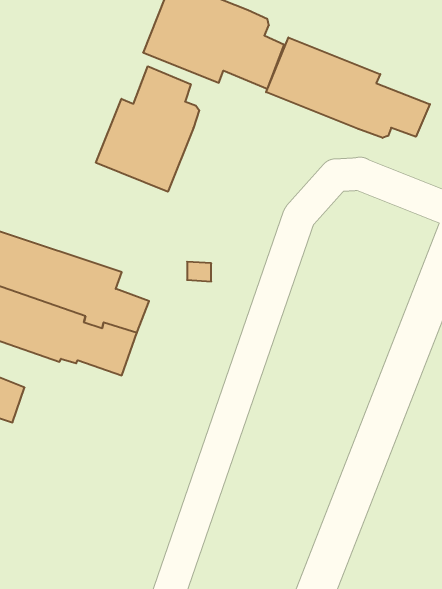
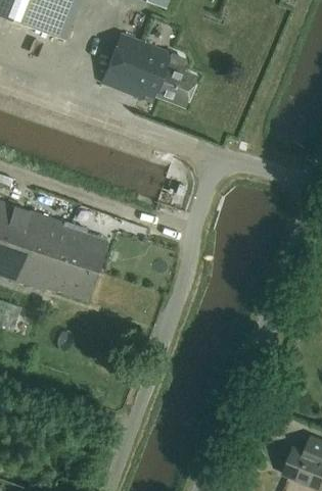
building: [266,37,430,138] -> none
building: [96,66,199,192] -> none

